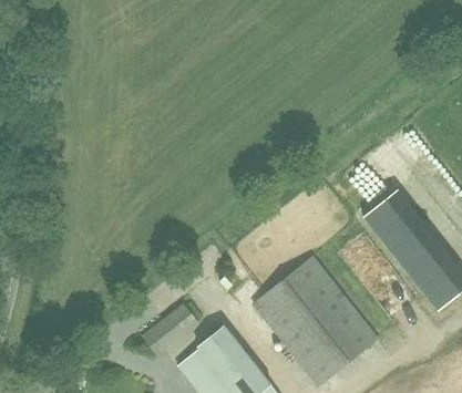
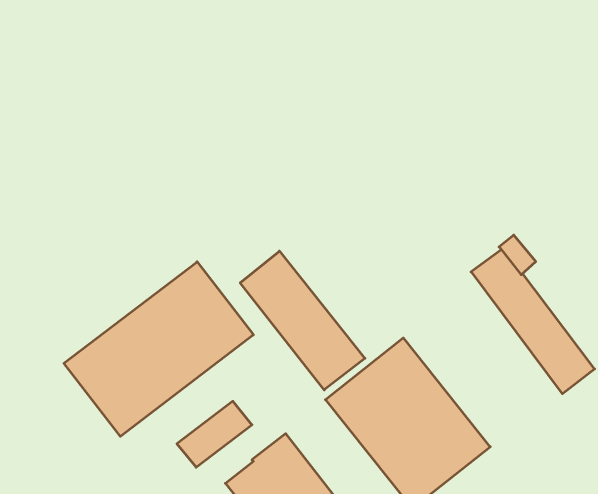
building: none -> [240,251,365,390]
building: none -> [64,262,253,436]

